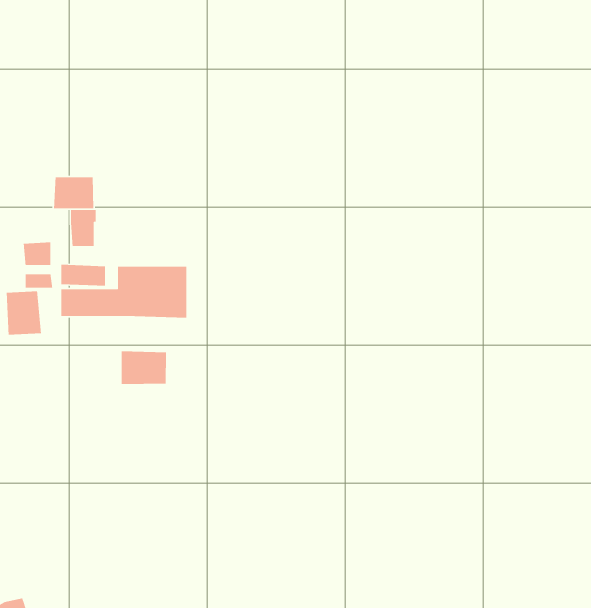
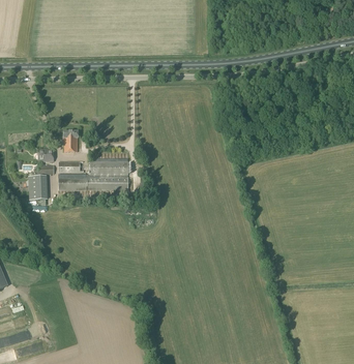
building: [53,177,94,209] -> none
building: [121,351,167,385] -> none

